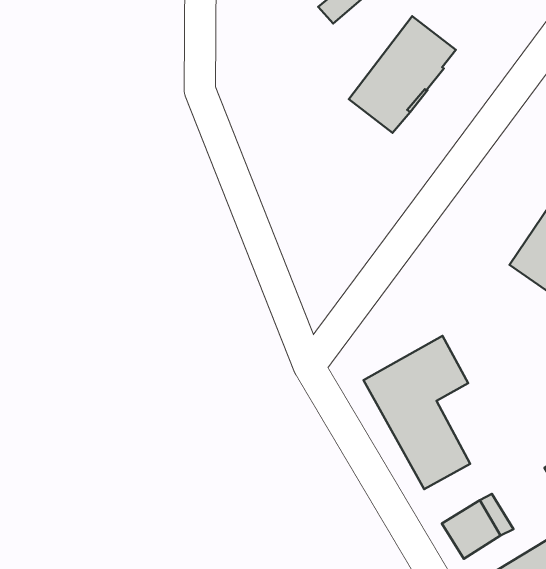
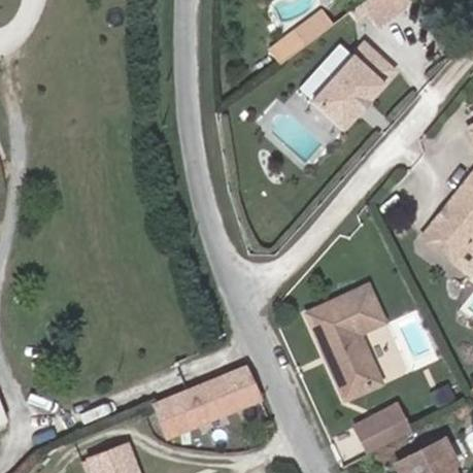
building: none -> [164,366,268,434]

